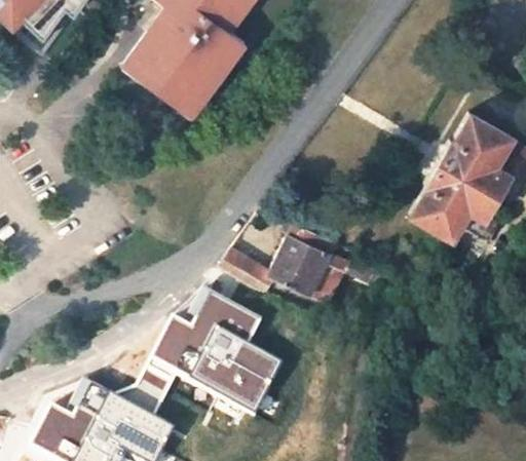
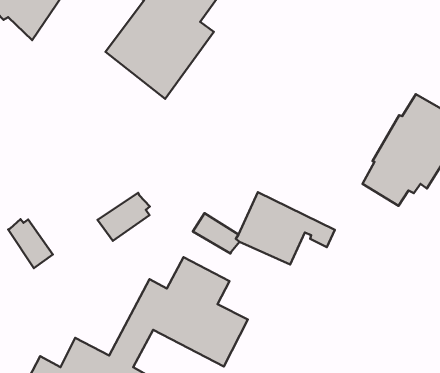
building: none -> [98,193,150,241]
building: none -> [8,219,53,268]

